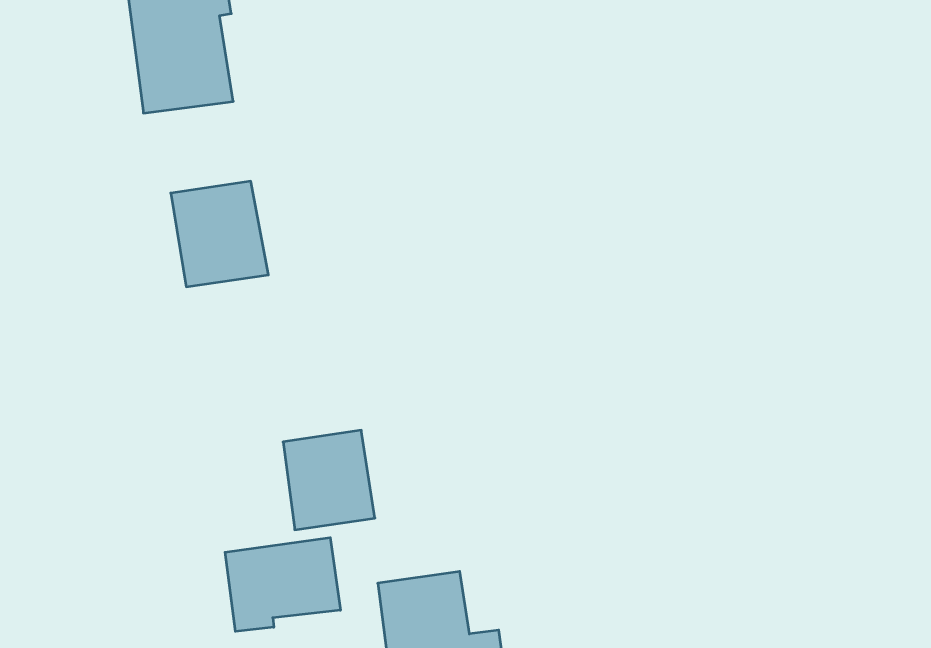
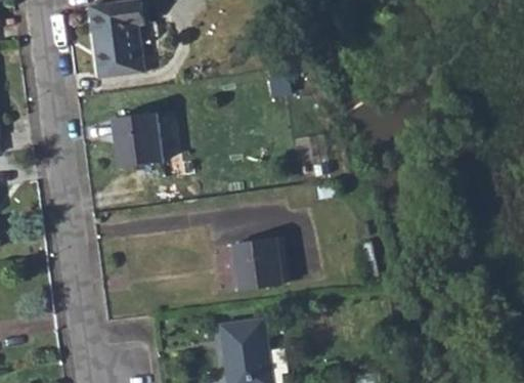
building: [283,430,375,530] -> [232,239,280,291]
building: [225,538,340,631] -> none

